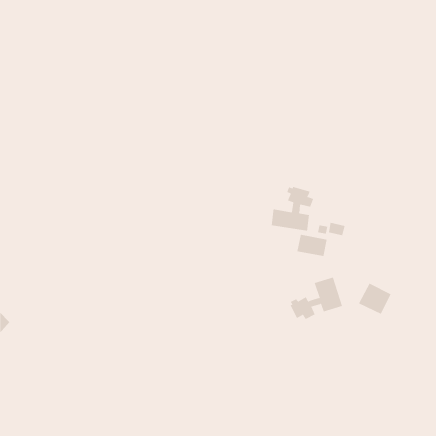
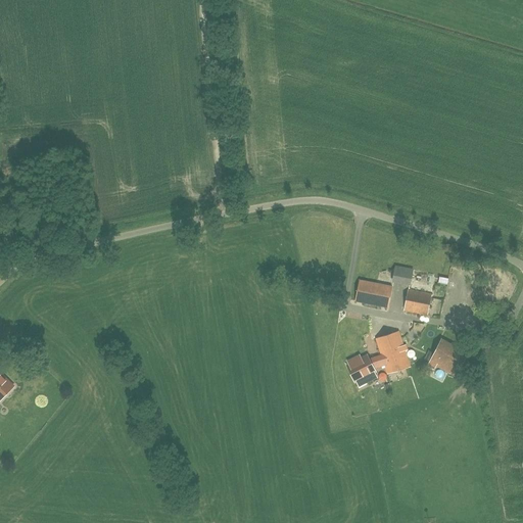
building: [271,186,314,232] -> none
building: none -> [403,289,430,315]

